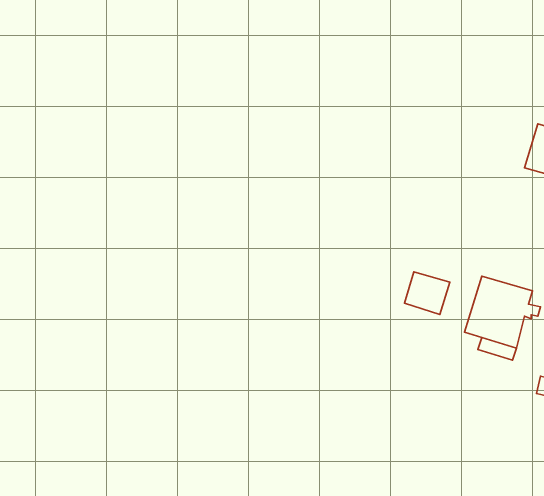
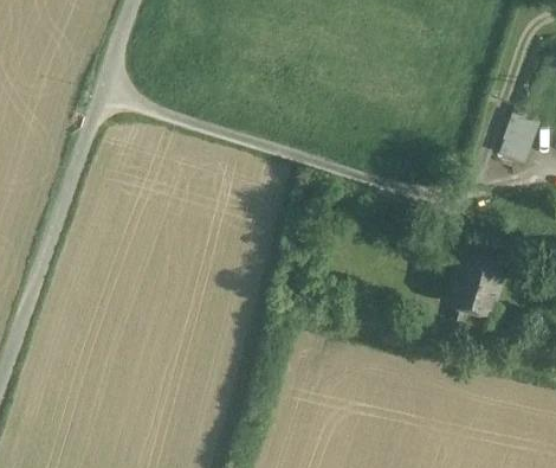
building: [405,272,450,314] -> none

